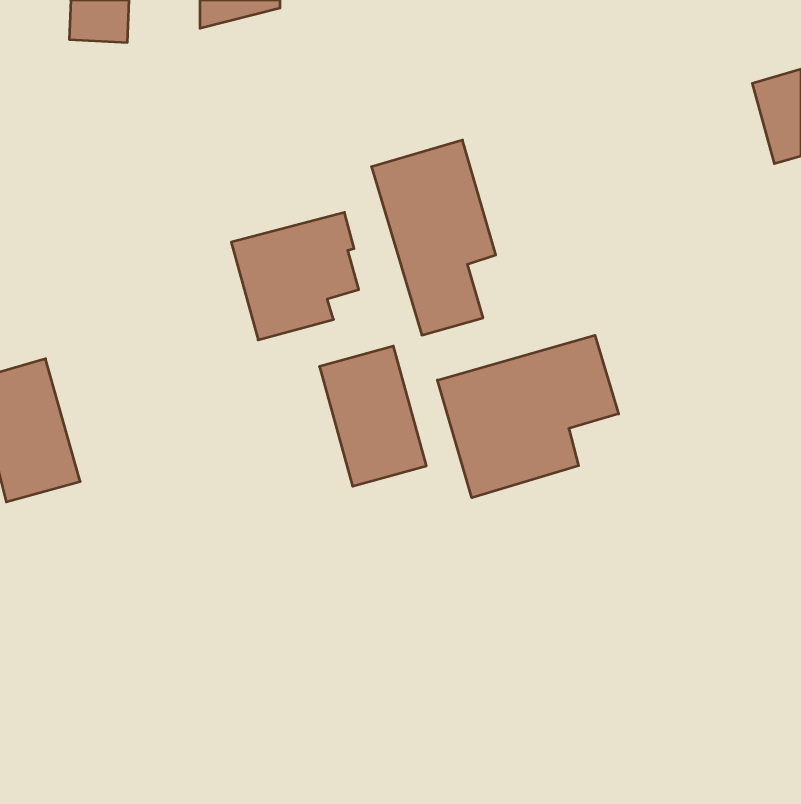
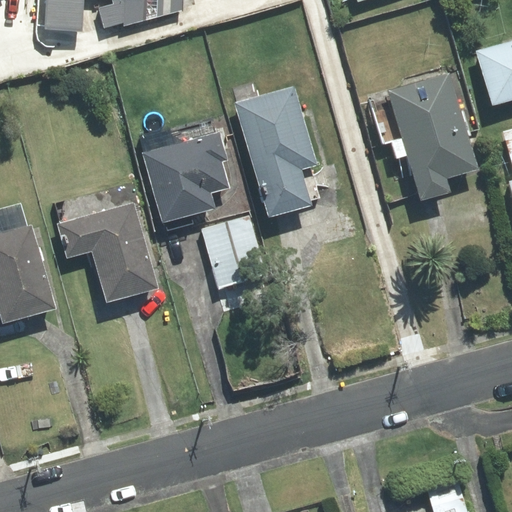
building: none -> [390,77,474,196]
building: none -> [62,210,151,296]
building: [437,335,619,498] -> none

